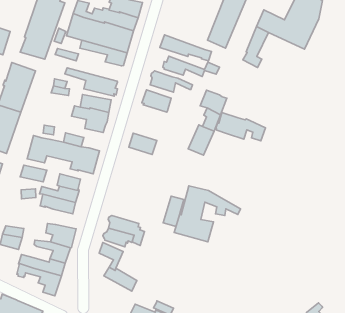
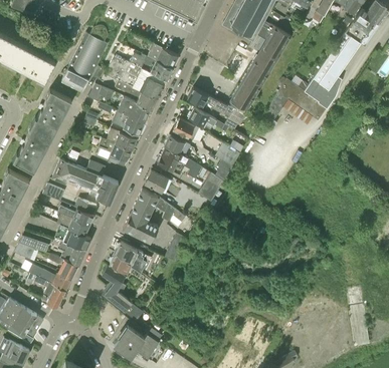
building: none -> [117,97,150,122]
building: [215,113,265,141] -> [156,147,201,178]
building: [174,186,240,242] -> [122,190,185,243]
building: none -> [54,225,90,250]

